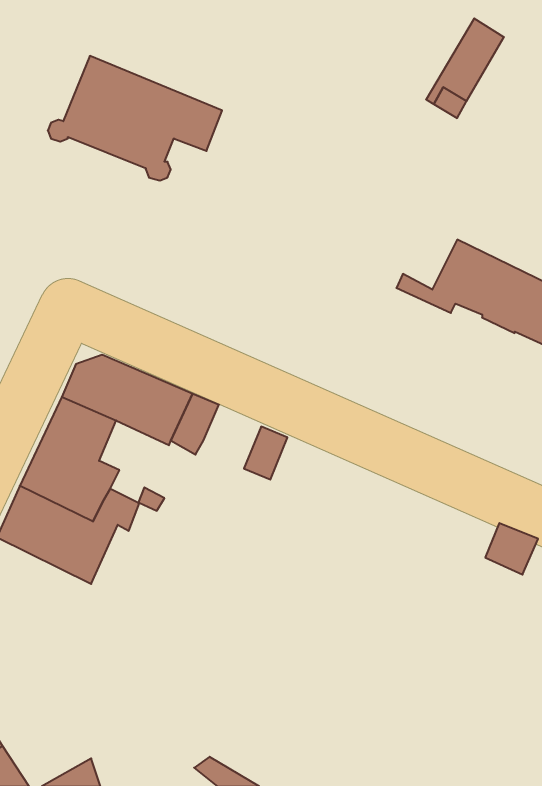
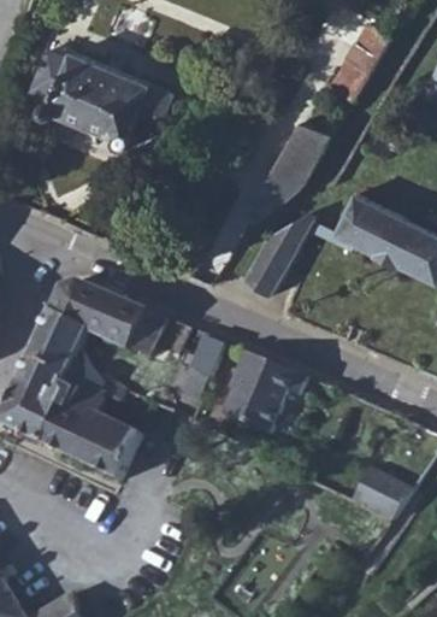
building: none -> [246,117,337,224]
building: none -> [241,212,315,295]
building: none -> [222,353,308,436]
building: none -> [72,413,143,482]
building: none -> [352,469,412,522]

